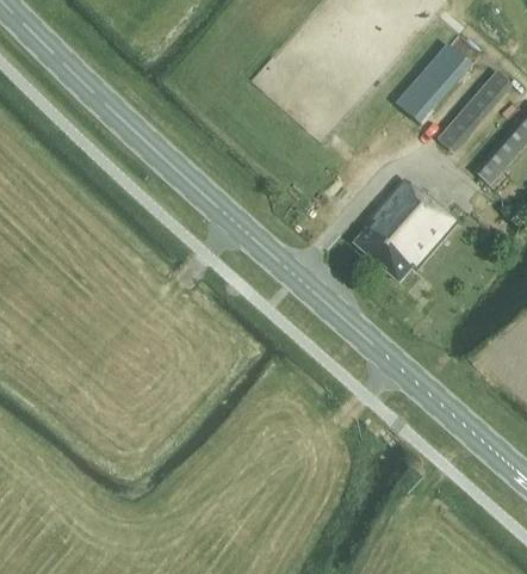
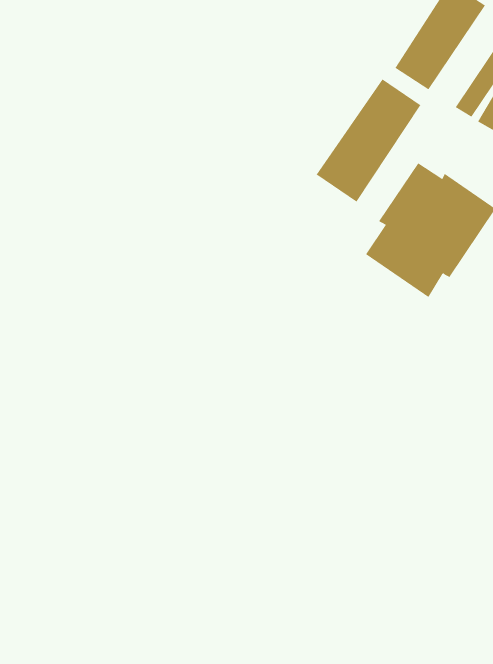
building: none -> [316,78,421,203]

